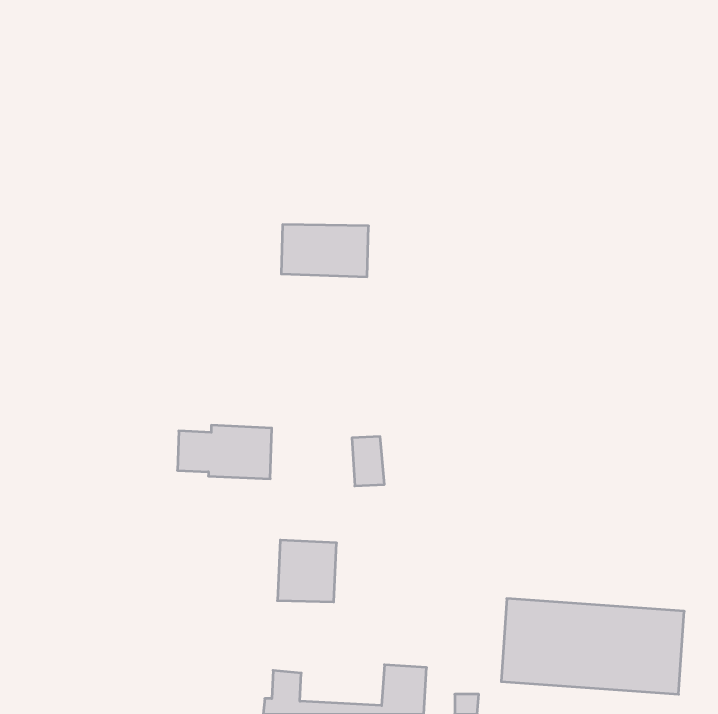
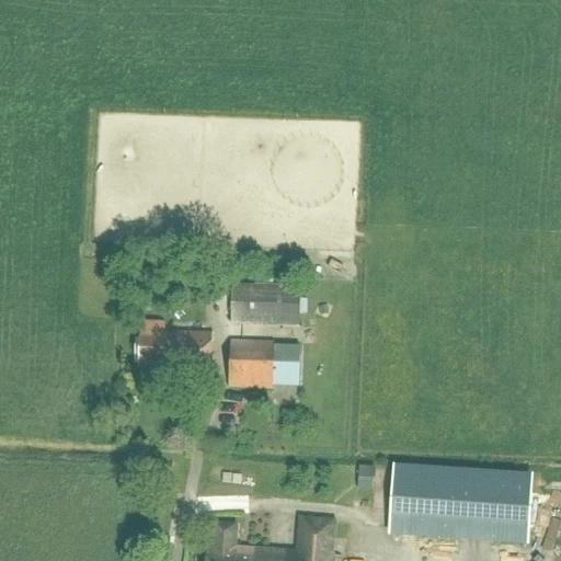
building: [281,225,369,277] -> [229,284,297,324]
building: [277,540,337,602] -> [227,340,273,388]

